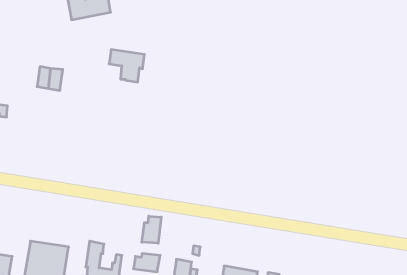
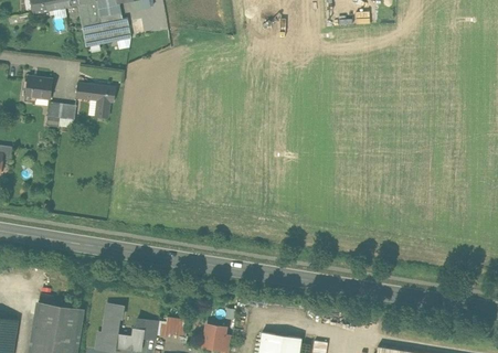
building: none -> [25,77,53,103]
building: [109,50,144,82] -> [76,82,117,119]
building: [142,216,161,243] -> none

